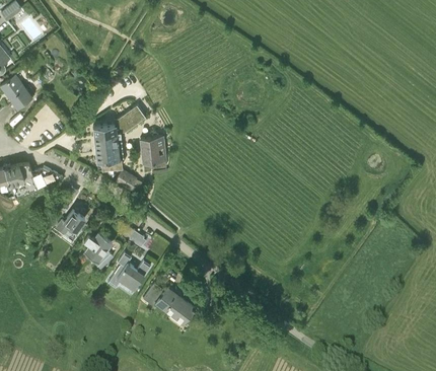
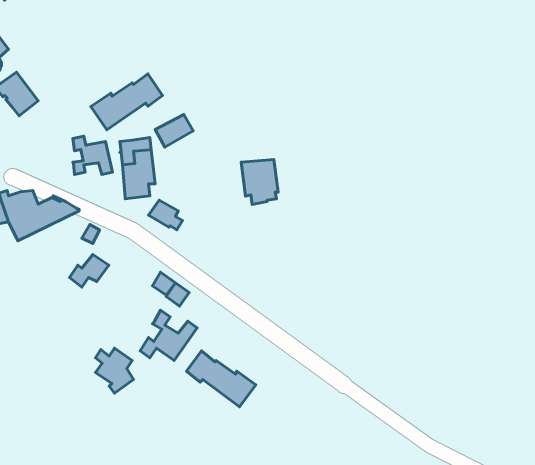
building: none -> [91,74,162,130]
building: none -> [73,136,113,174]
building: [140,135,167,168] -> [241,160,278,204]
building: [84,233,113,267] -> [95,348,133,393]

